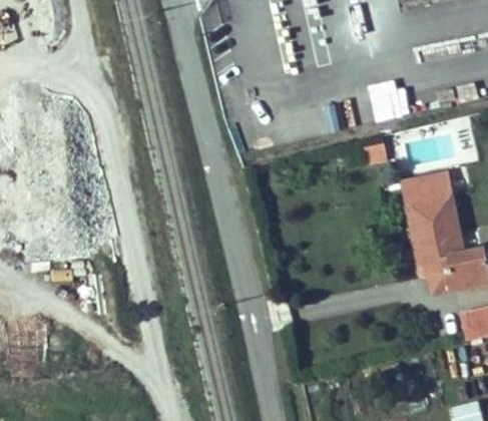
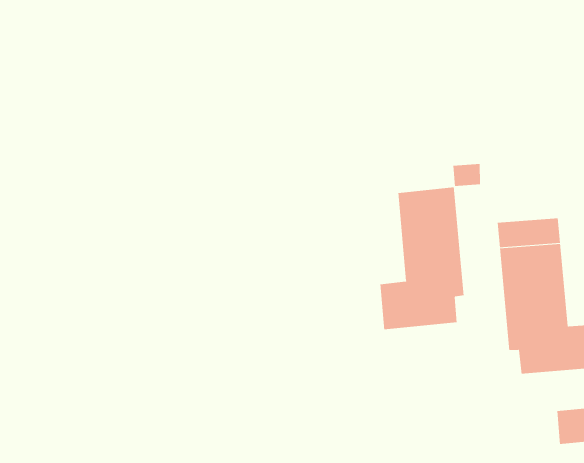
building: none -> [380,187,464,330]

